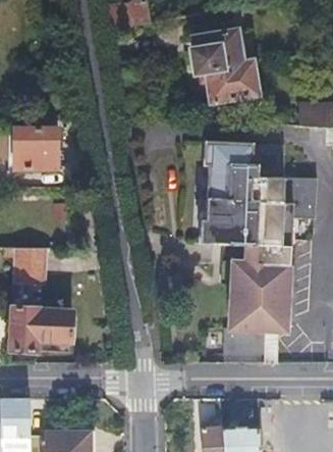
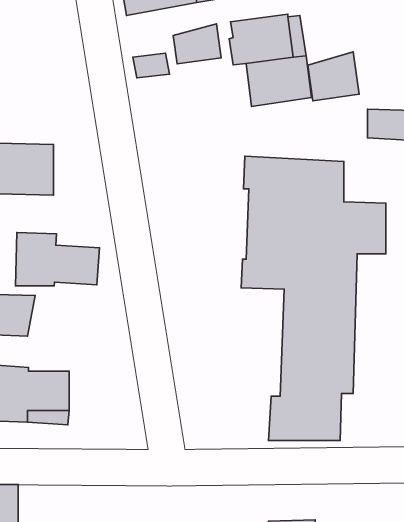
building: none -> [173,24,221,64]
building: none -> [308,52,359,101]
building: none -> [16,233,100,286]

